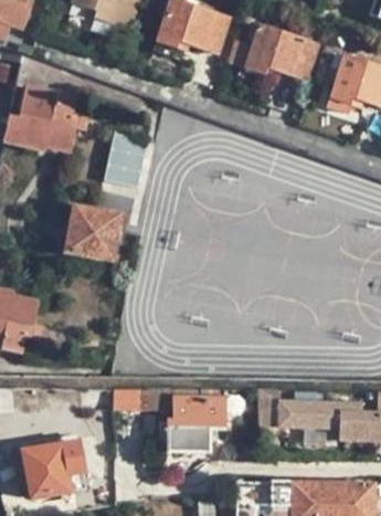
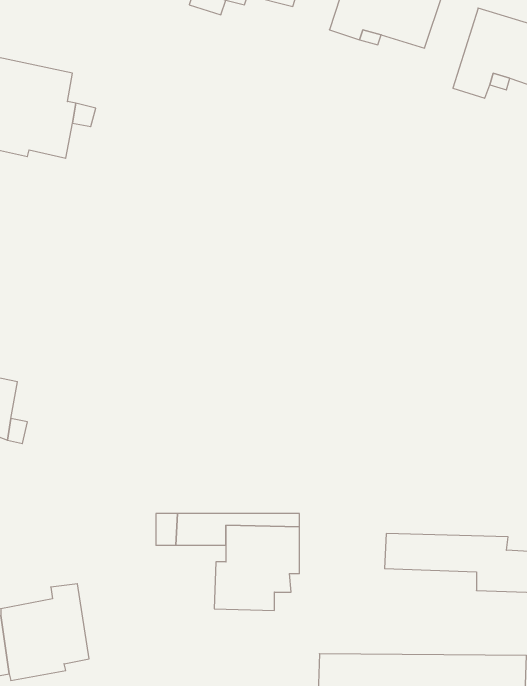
building: [106,136,147,186] -> none
building: [64,206,119,260] -> none

